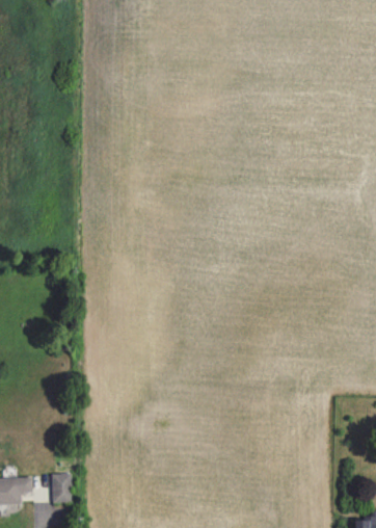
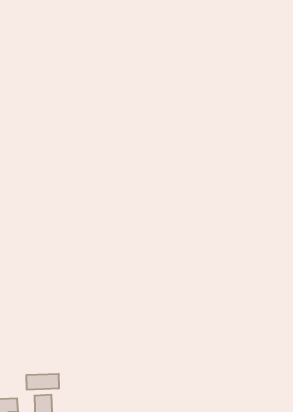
building: none -> [27,374,59,390]

